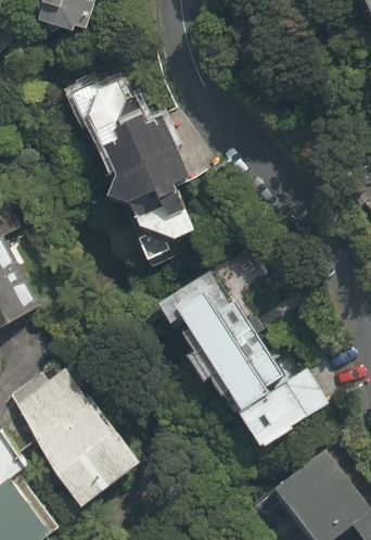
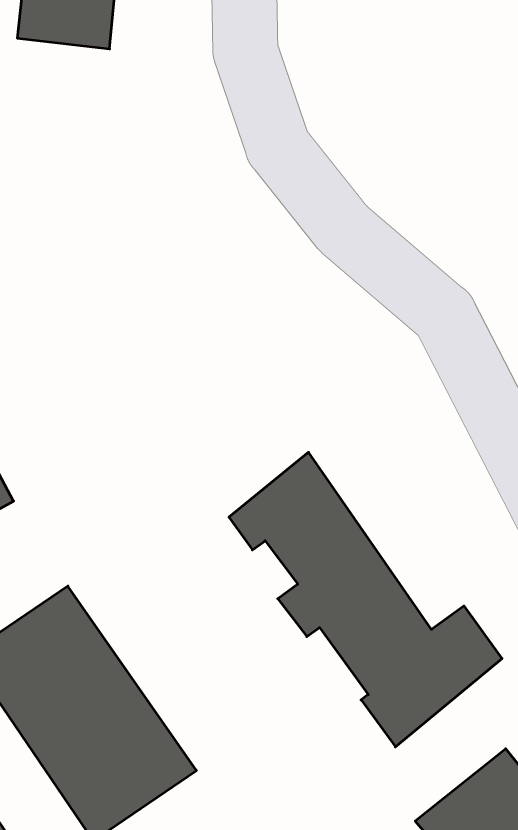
building: [66,66,202,256] -> none

